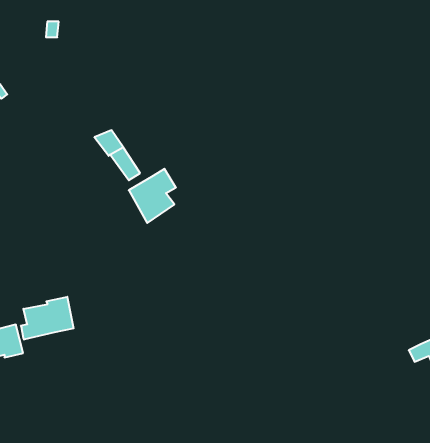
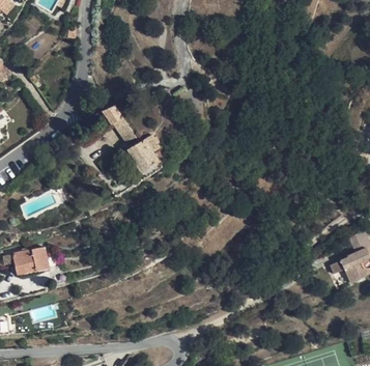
building: [21,297,74,340] -> none

